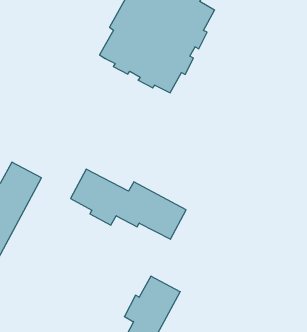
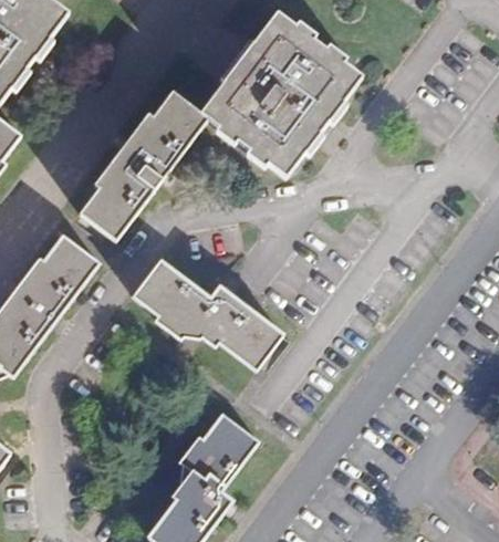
building: none -> [80,91,207,239]

